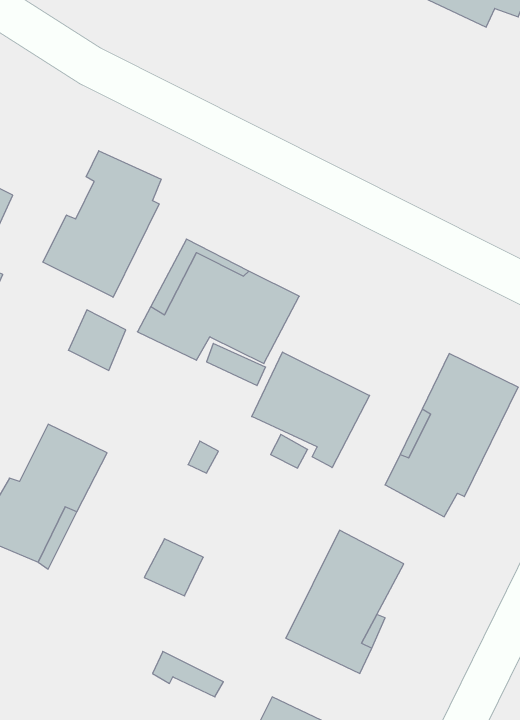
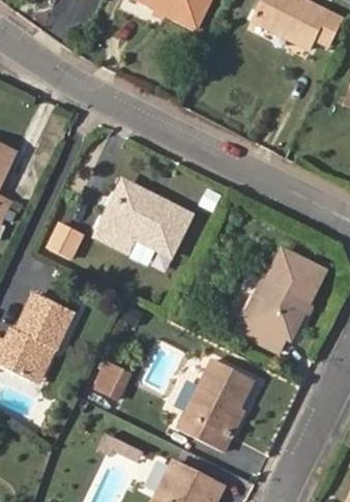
building: [43,151,161,297] -> none
building: [252,352,370,468] -> none

